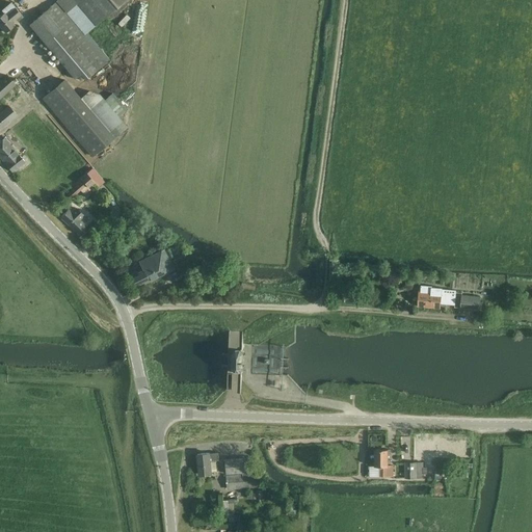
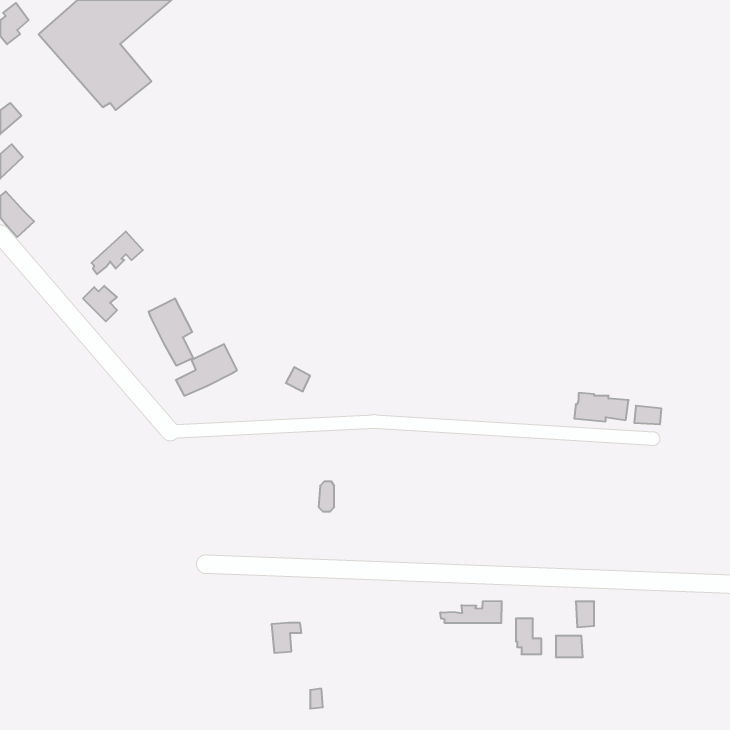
building: [42,78,127,158] -> none
building: none -> [149,298,193,366]
building: none -> [440,601,501,623]
building: [225,457,257,489] -> none

